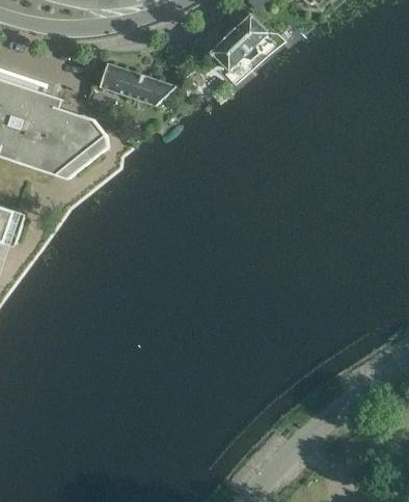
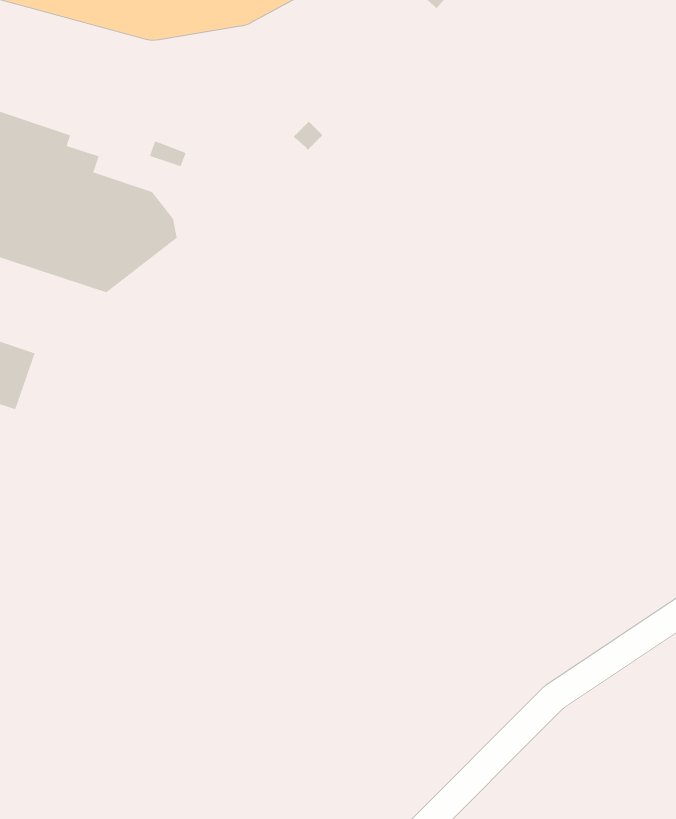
building: [210,16,266,69] -> none
building: [98,65,172,106] -> none

